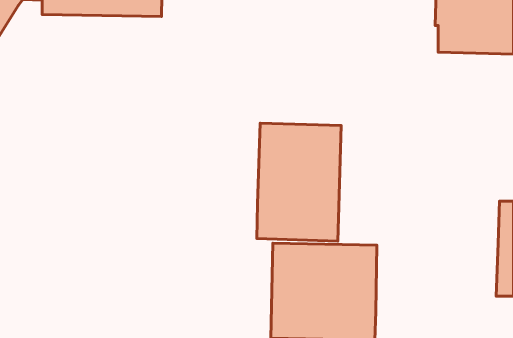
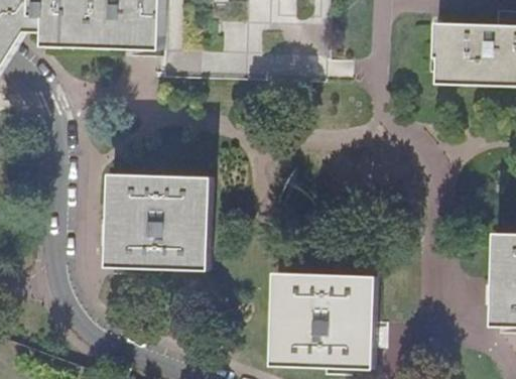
building: [257,123,341,241] -> none
building: none -> [105,172,208,269]

